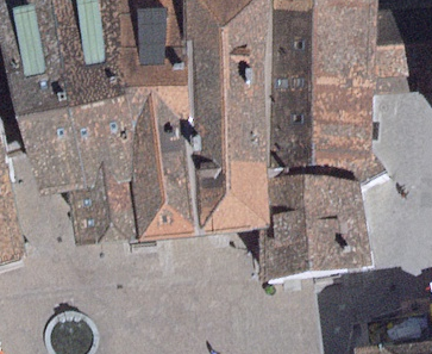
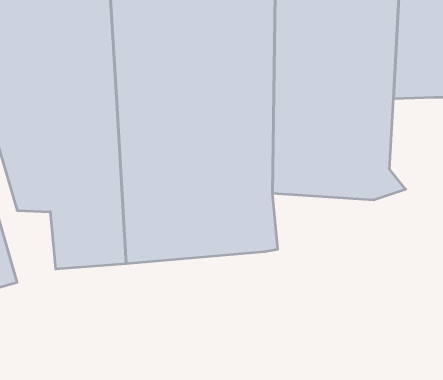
building: [259,174,374,279] -> none

